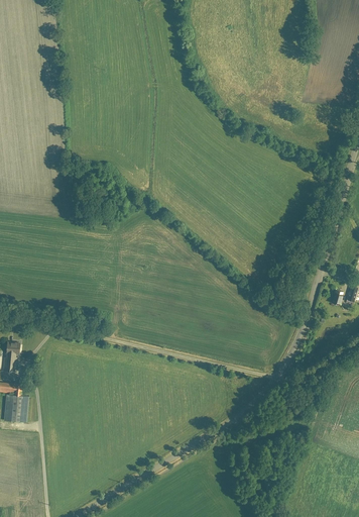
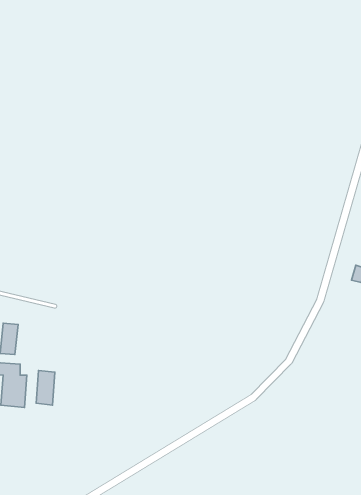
building: none -> [36,370,55,405]

